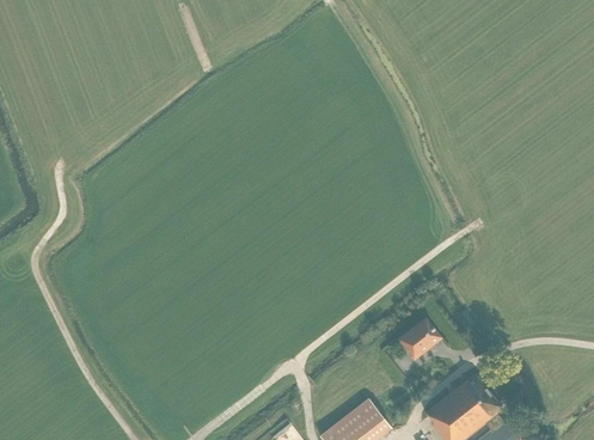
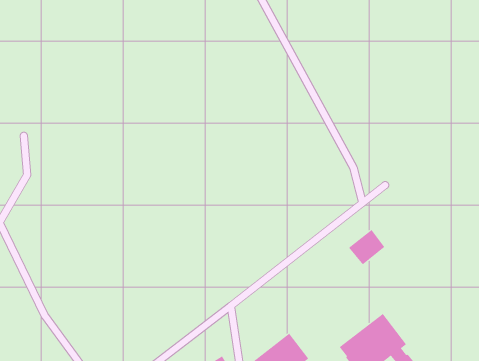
building: [398,319,441,361] -> [348,229,385,265]

